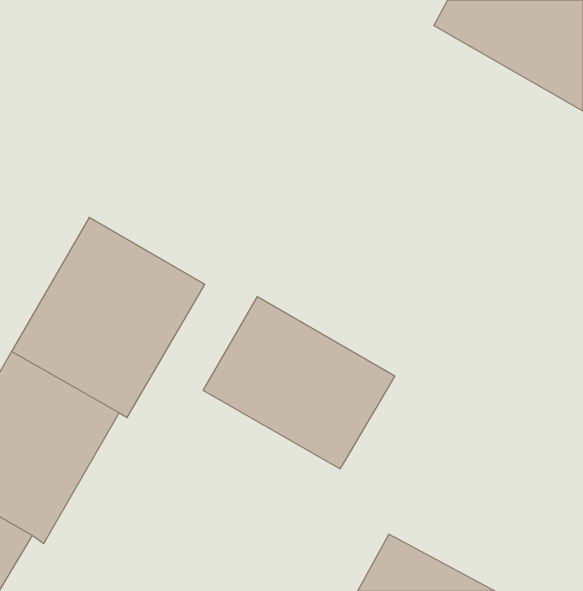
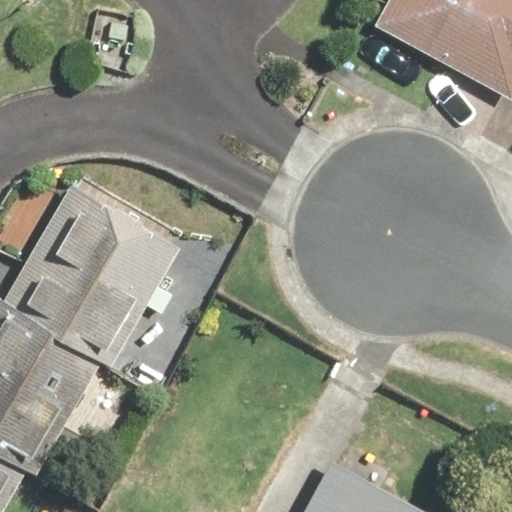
building: [203,296,395,469] -> none

